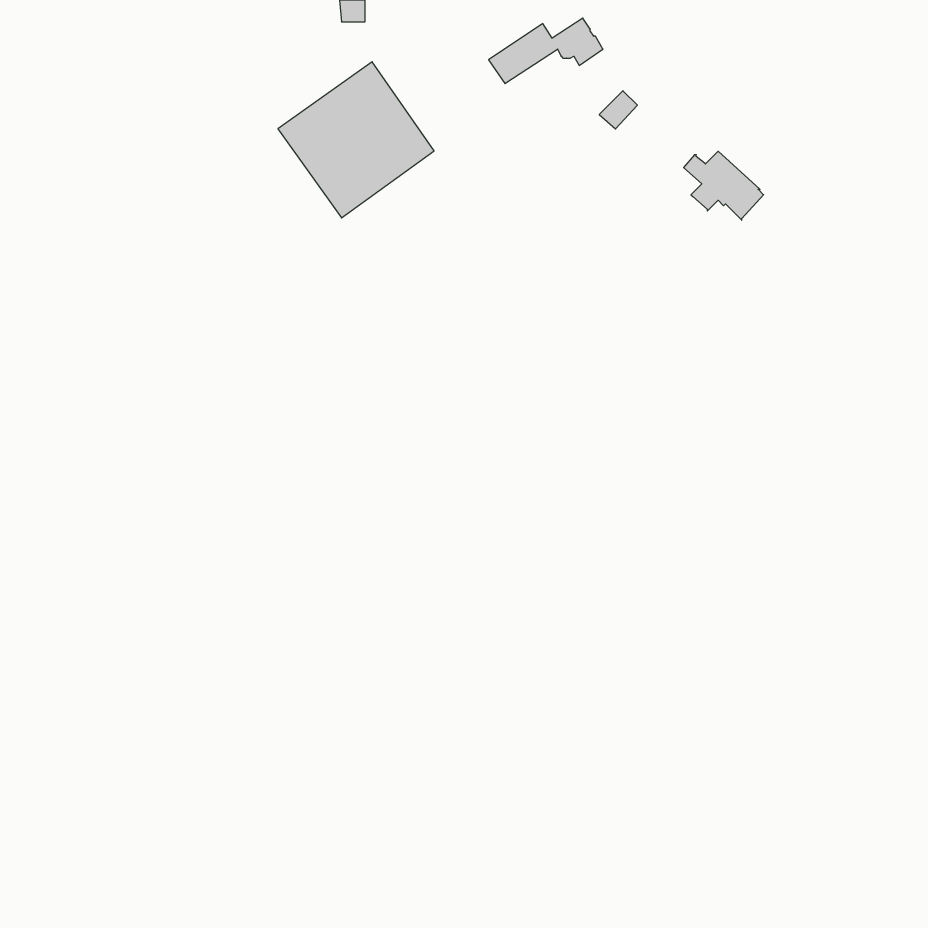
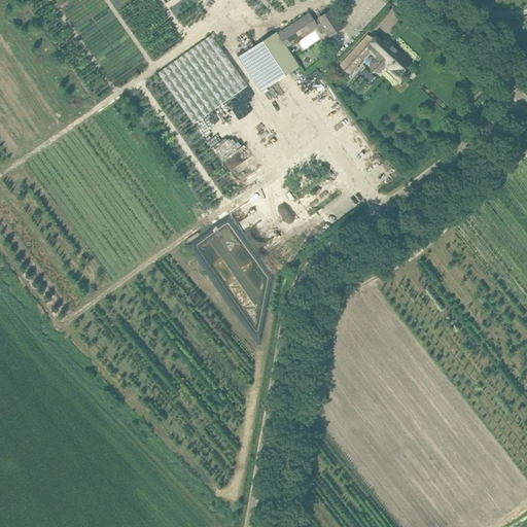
building: none -> [238,32,298,92]
building: [684,151,764,220] -> [365,38,411,77]

